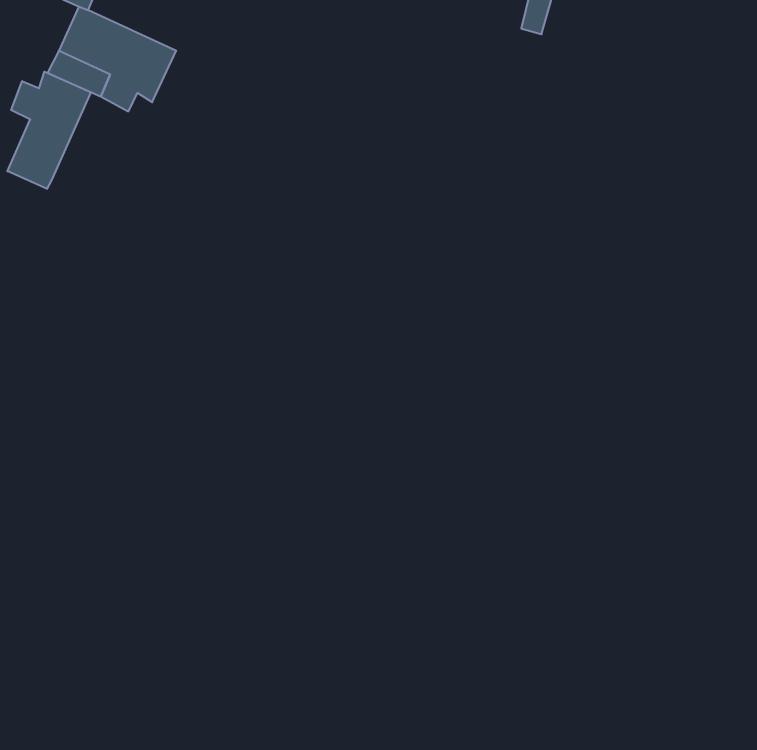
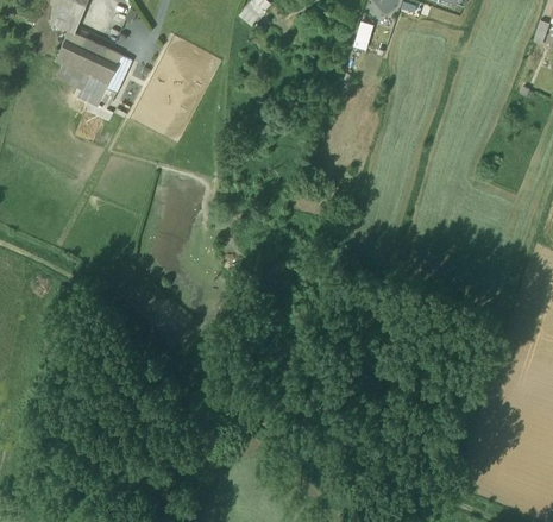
building: [7,72,91,189] -> none

